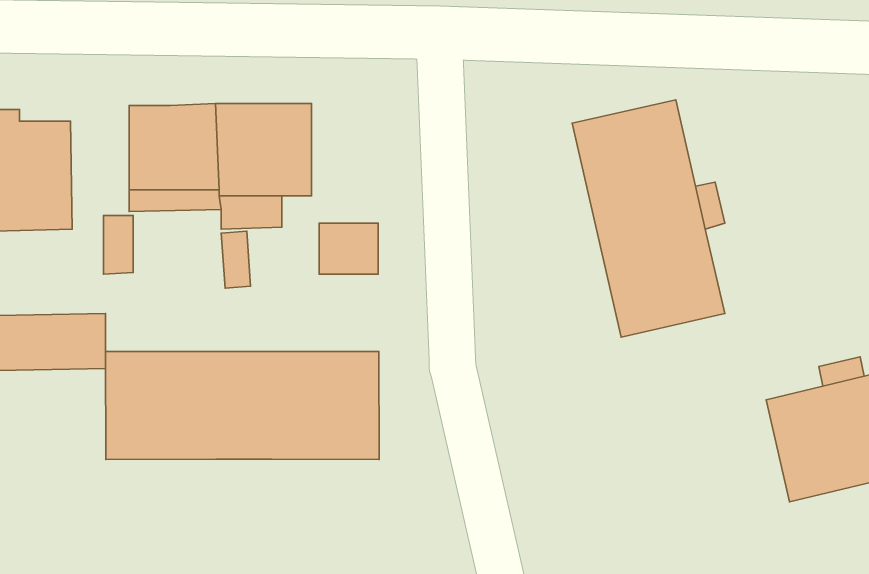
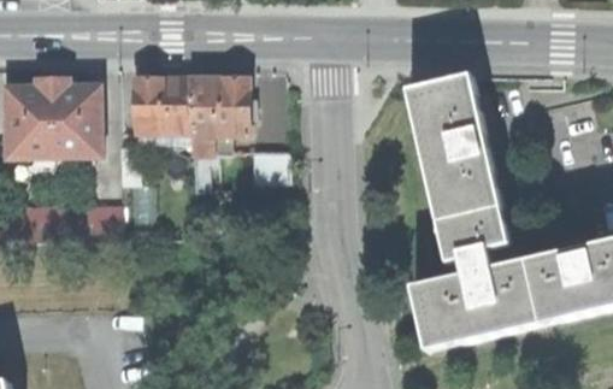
building: none -> [413,206,542,348]
building: [106,352,379,459] -> none

